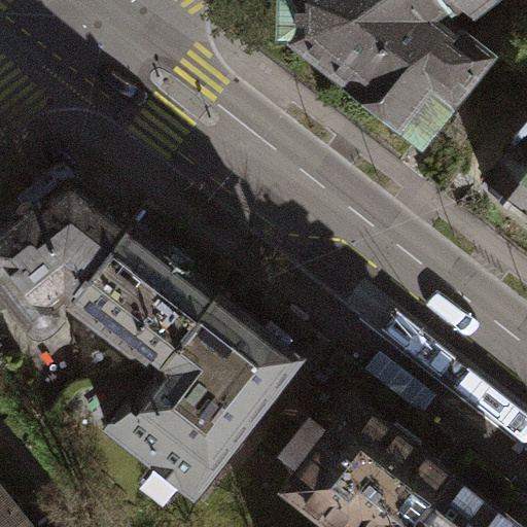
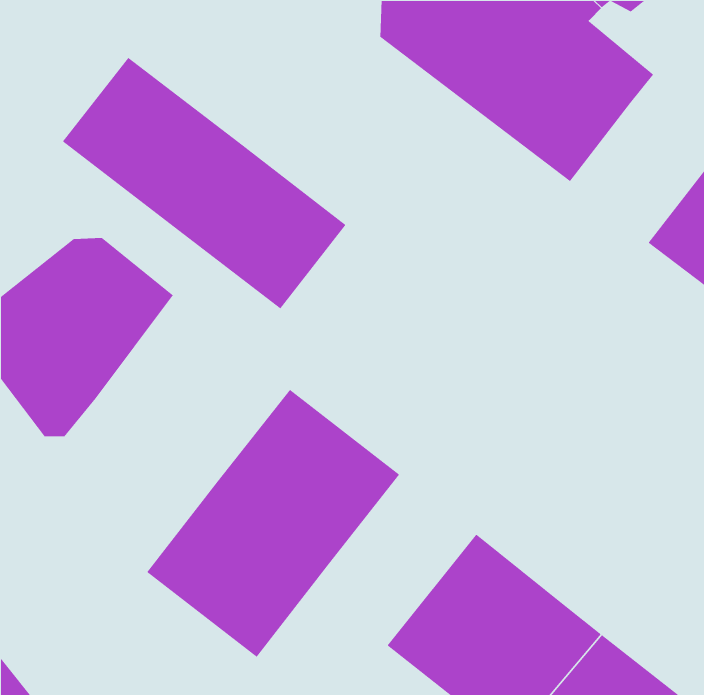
building: none -> [62,57,347,310]
building: [73,227,217,366] -> none

